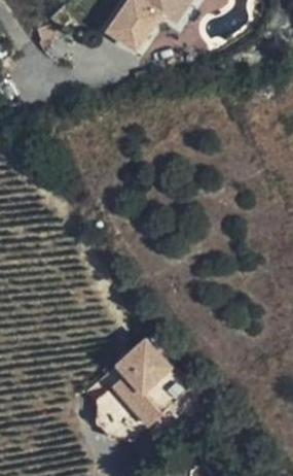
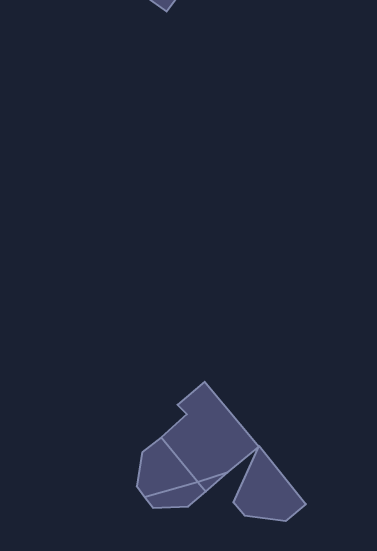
building: none -> [233,446,306,521]

